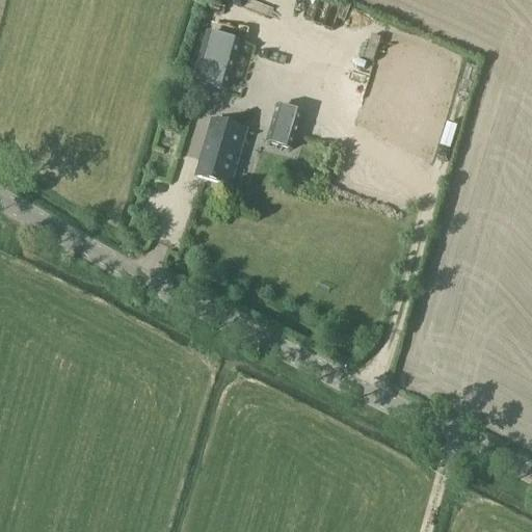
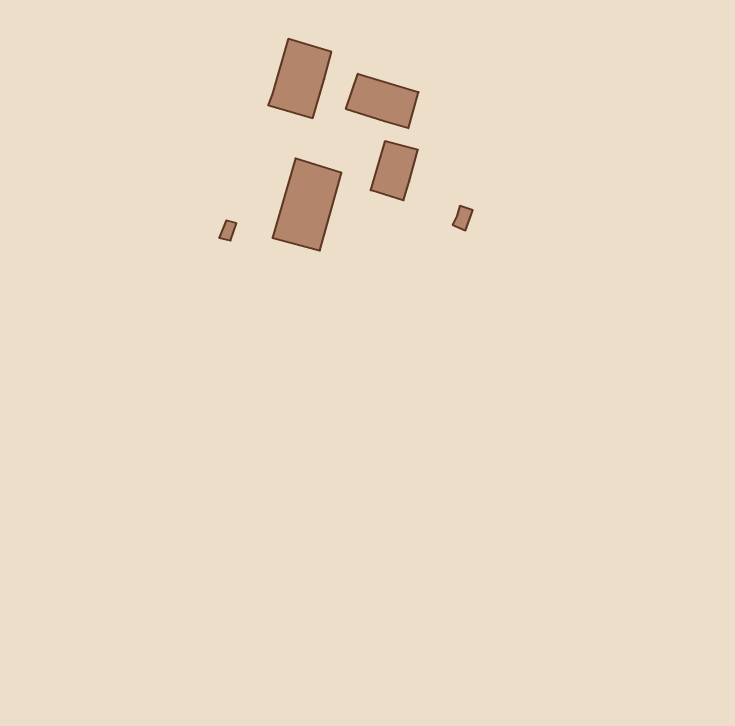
building: none -> [346,74,419,128]

